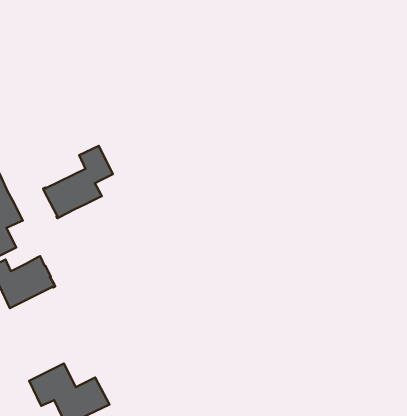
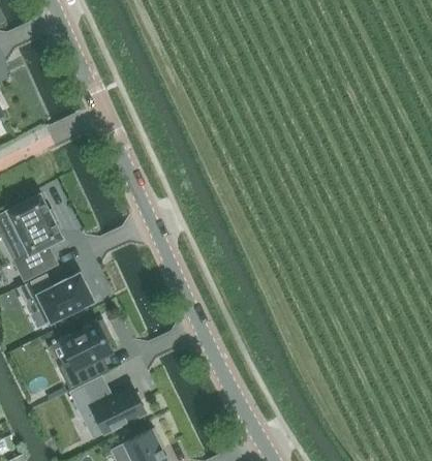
building: [43,146,113,218] -> none
building: none -> [57,321,111,392]

